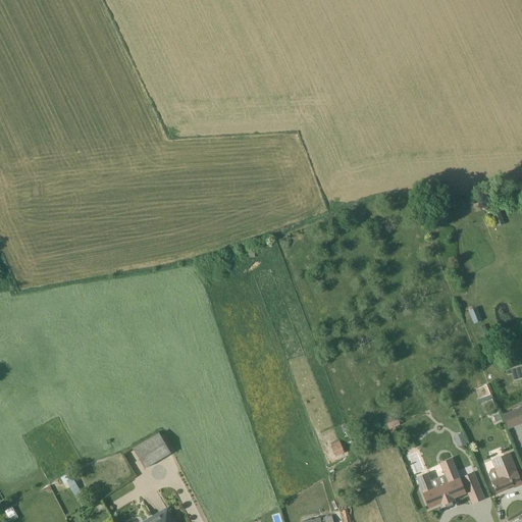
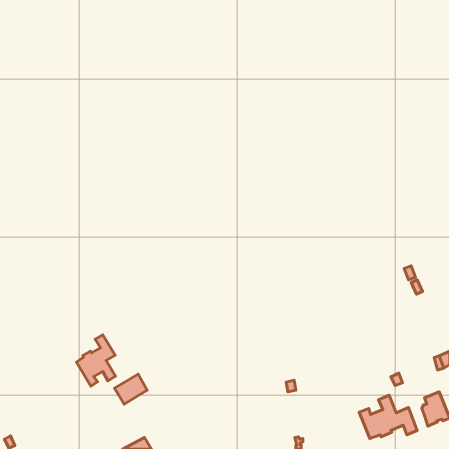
building: none -> [77,335,116,386]

